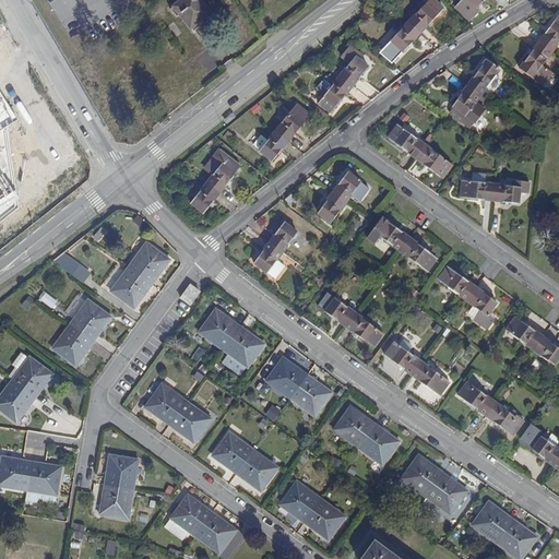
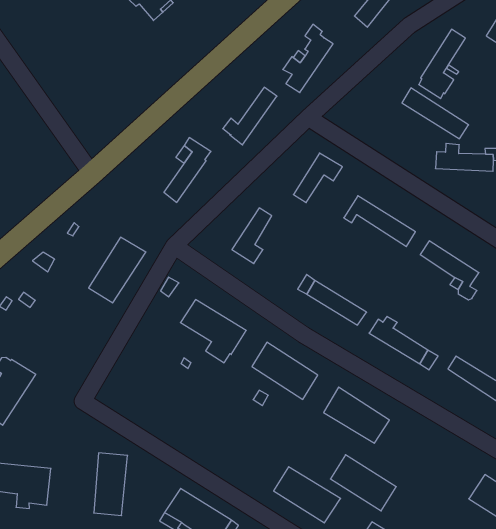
building: [388,123,452,177] -> [402,88,469,139]
building: [52,299,110,364] -> none
building: [145,383,210,440] -> none
building: [212,431,277,489] -> none
building: [402,455,466,513] -> [330,455,396,511]

